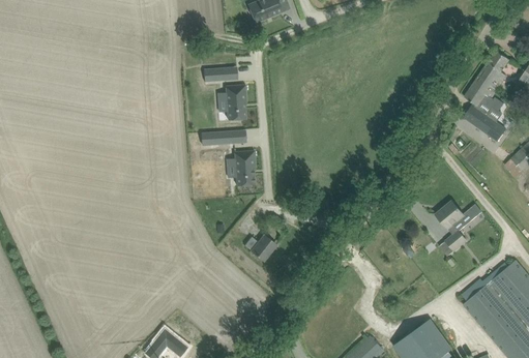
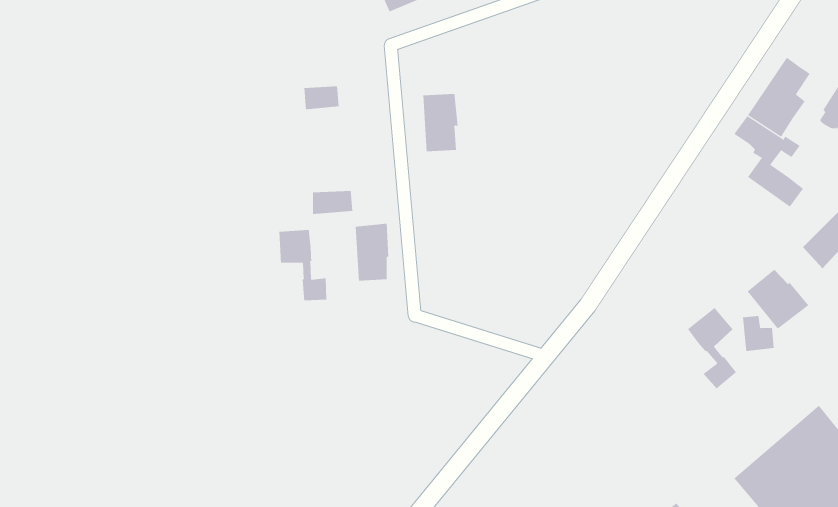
building: [225,85,246,120] -> [422,94,458,152]
building: none -> [279,229,327,301]
building: none -> [747,269,809,329]
building: [244,235,275,261] -> none

